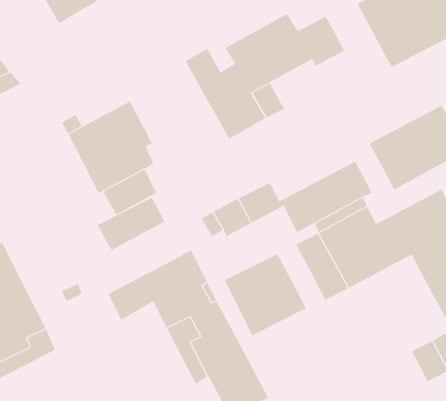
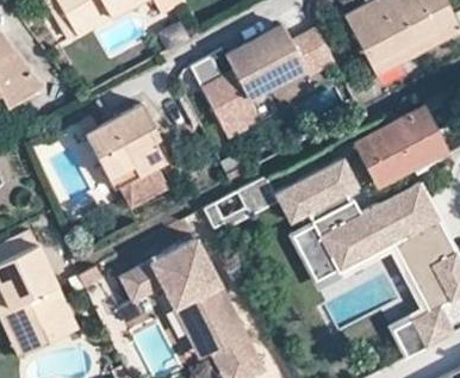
building: [97,197,165,251] -> none
building: [224,253,307,336] -> none

